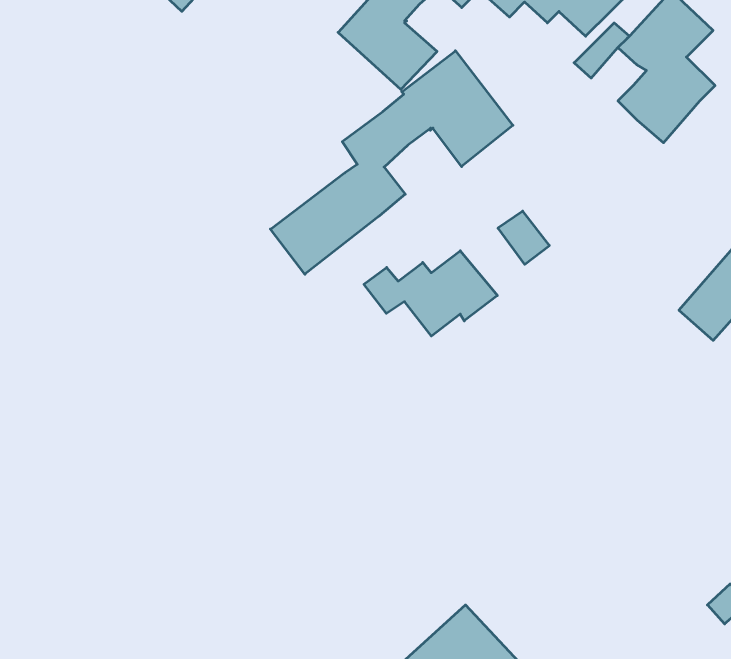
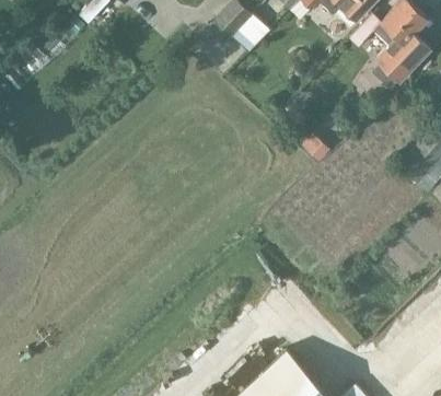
building: [270,51,513,274] -> none
building: [364,251,497,336] -> none

